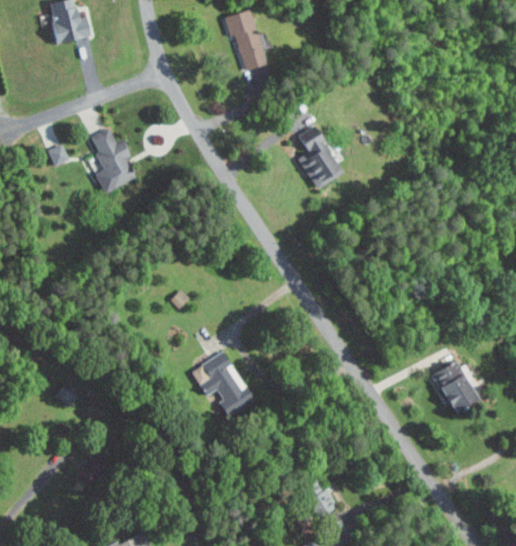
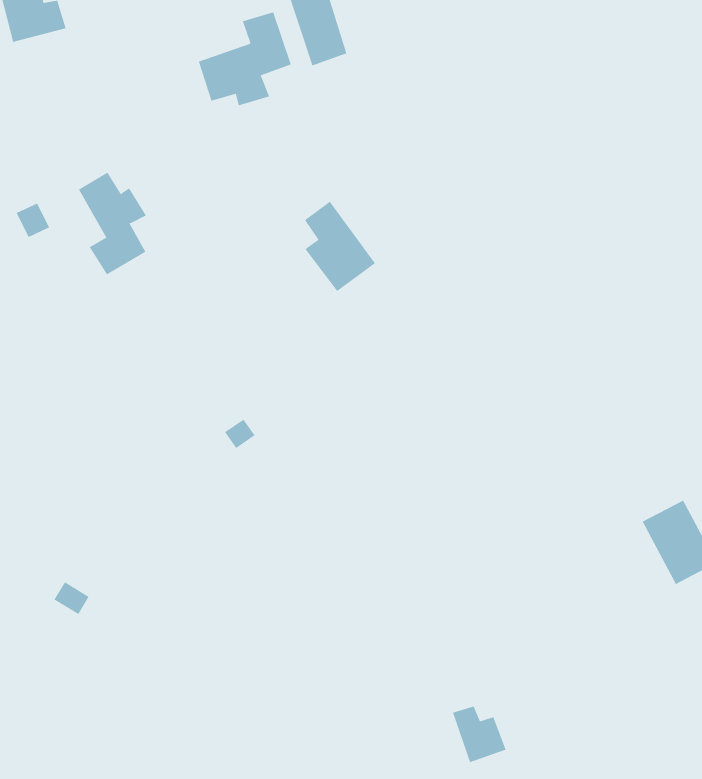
building: none -> [198,11,291,106]
building: [299,130,343,188] -> [304,201,376,292]
building: [191,351,254,409] -> none

